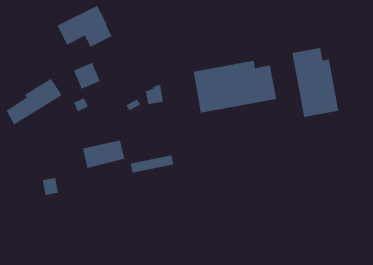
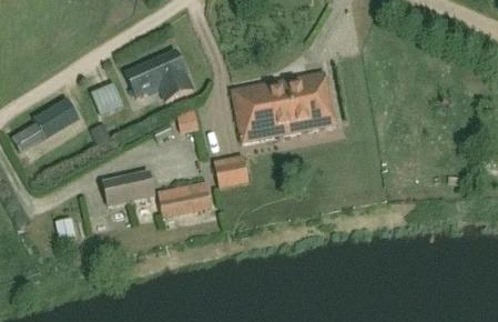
building: [56,5,113,48] -> [126,49,193,100]
building: [292,47,339,118] -> none
building: none -> [215,153,247,185]

